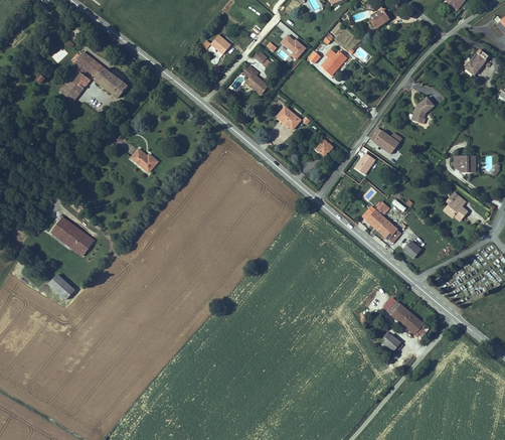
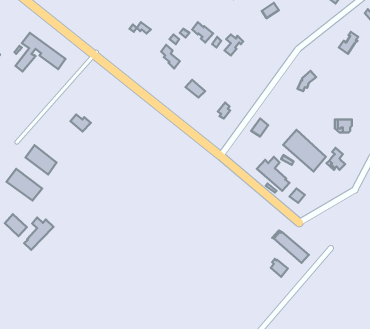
building: [368,127,401,154] -> none
building: none -> [283,130,326,172]
building: none -> [25,145,57,175]
building: none -> [24,218,54,250]

